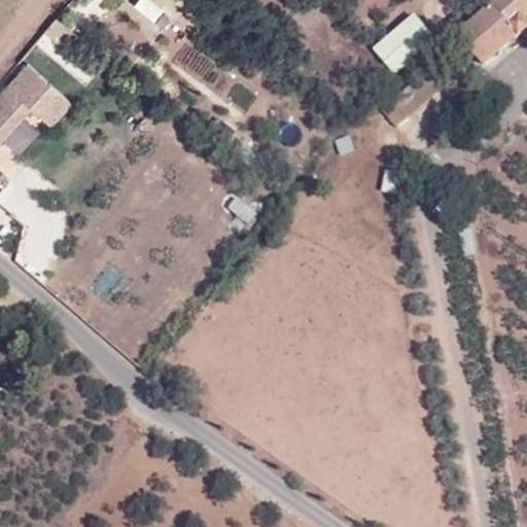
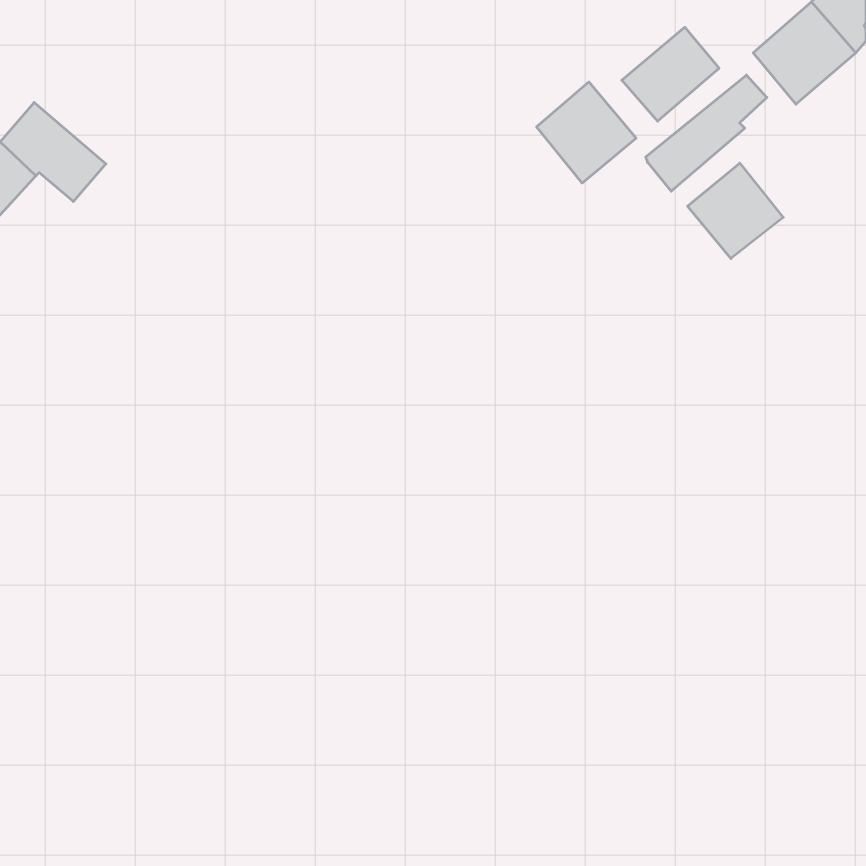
building: none -> [537,82,636,183]
building: none -> [688,163,783,259]

